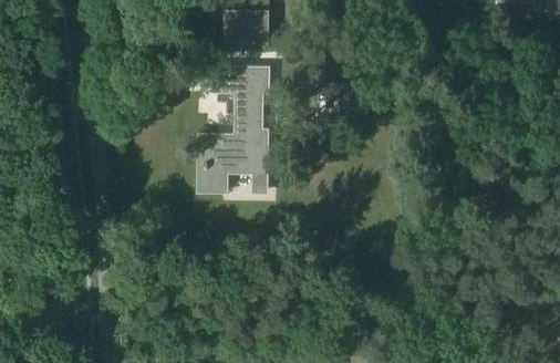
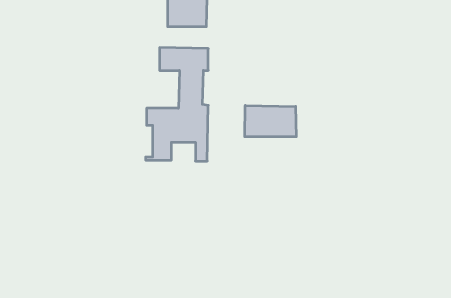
building: none -> [245,105,296,137]

